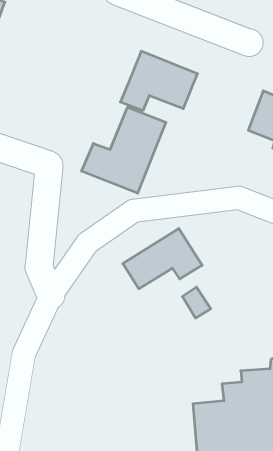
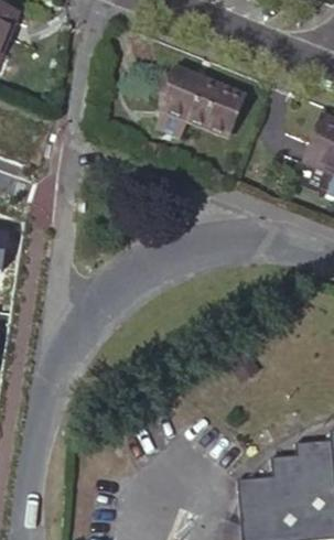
building: [82,107,166,193] -> none
building: [123,228,202,289] -> none

